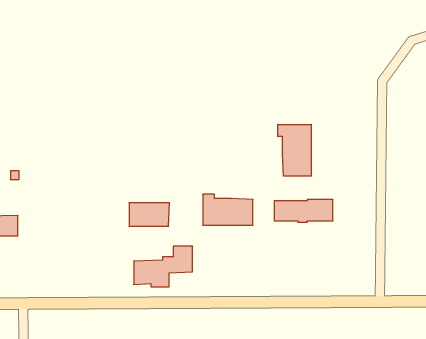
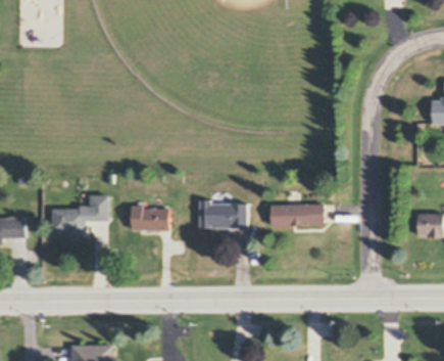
building: [278,124,311,176] -> none
building: [134,246,193,287] -> [52,195,108,234]

